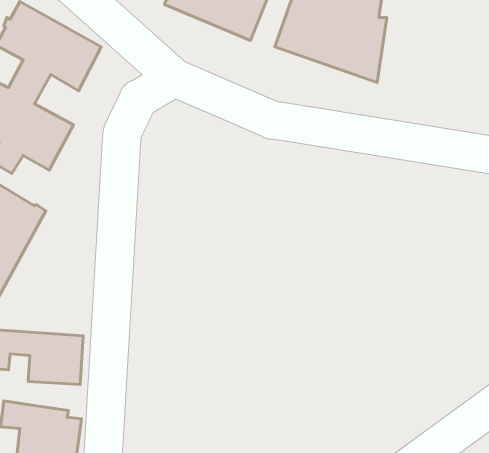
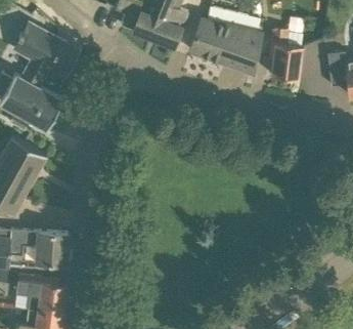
building: none -> [270,28,303,81]

